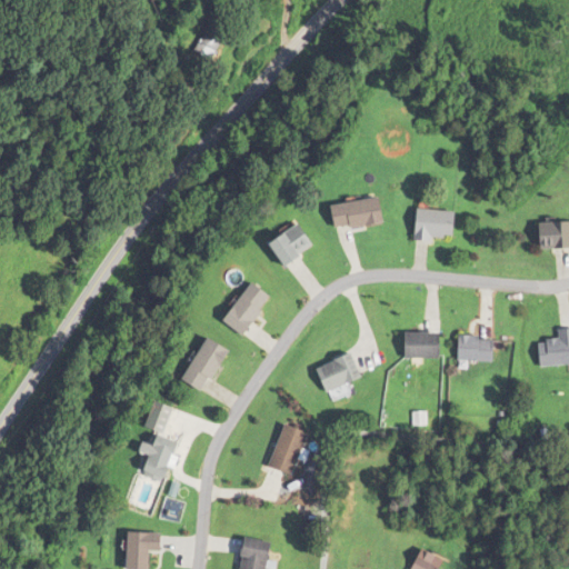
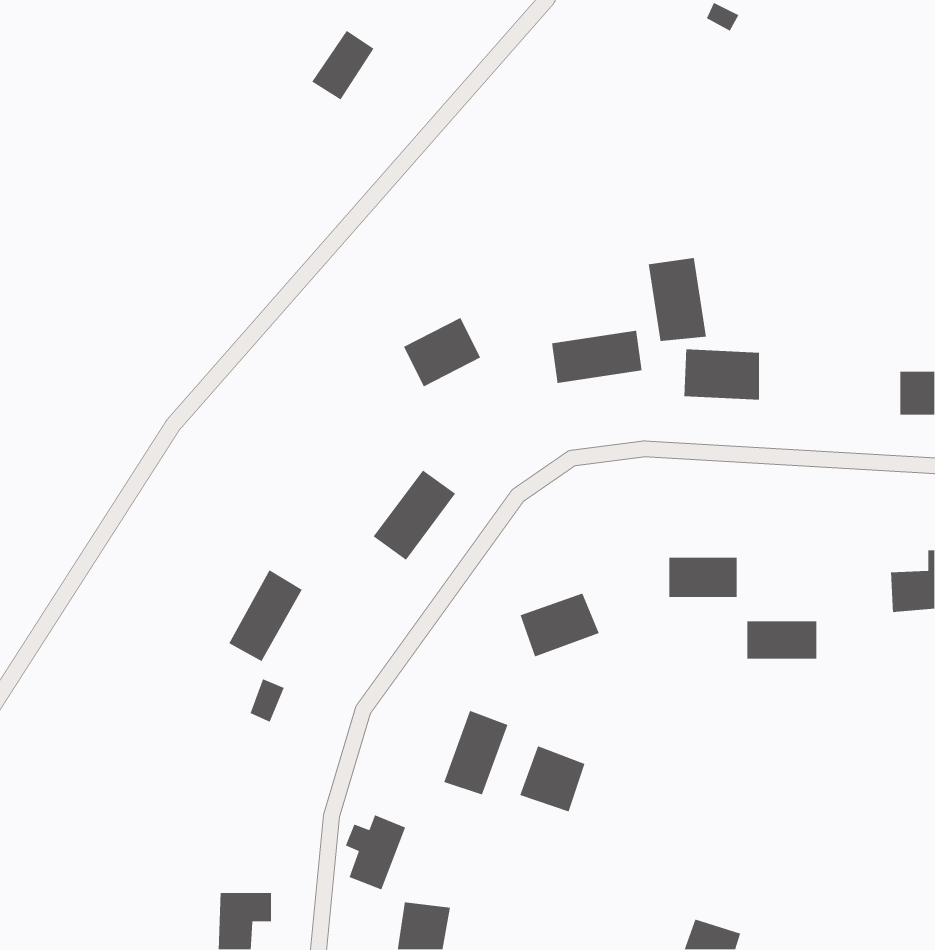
building: none -> [648,257,707,342]
building: [270,223,317,266] -> [403,317,481,388]
building: [183,336,228,391] -> [228,569,303,662]
building: [451,337,493,360] -> [747,620,817,659]
building: [142,435,179,480] -> [345,814,406,891]
building: none -> [519,745,585,813]

